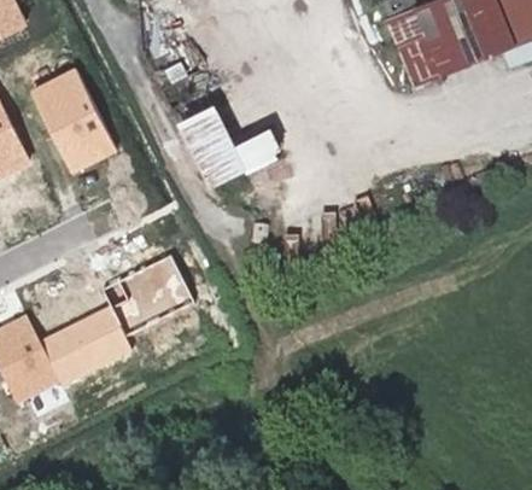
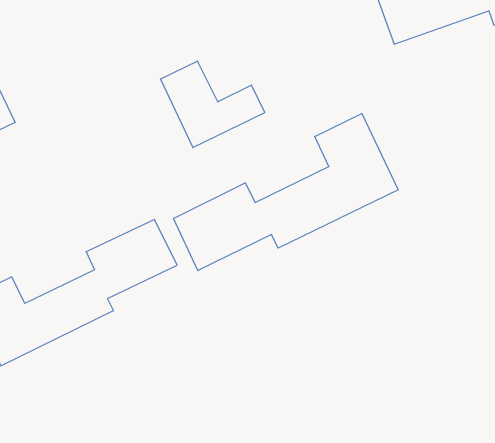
building: [29,68,115,173] -> none
building: none -> [173,114,398,271]

